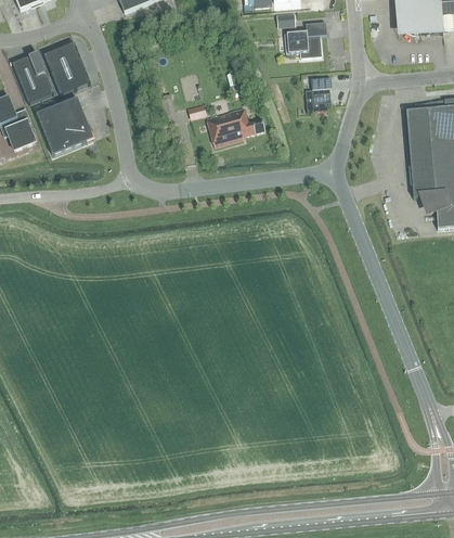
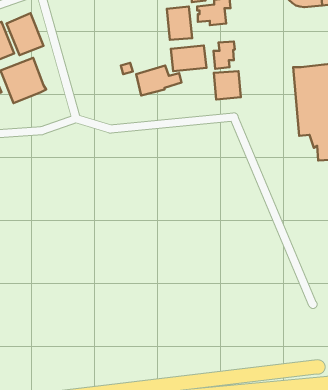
building: none -> [167,7,192,40]
building: none -> [171,46,206,71]
building: none -> [214,71,241,99]

